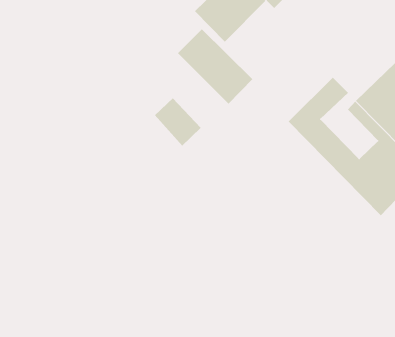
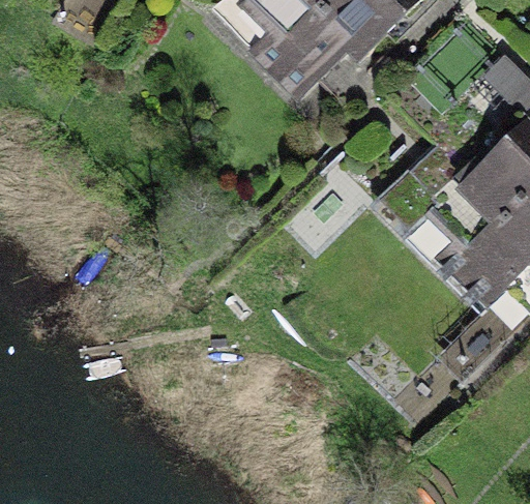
building: [177,29,253,105] -> none

